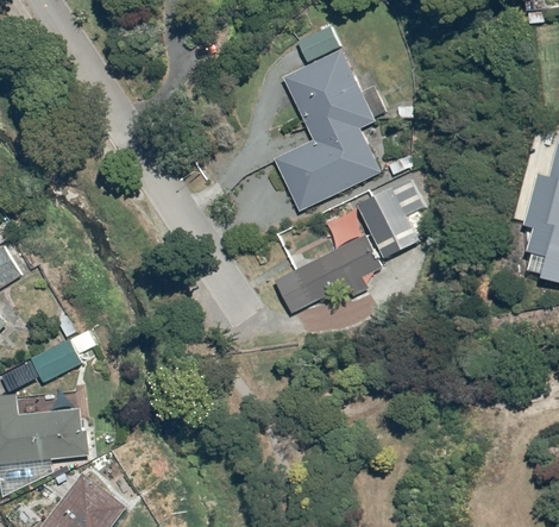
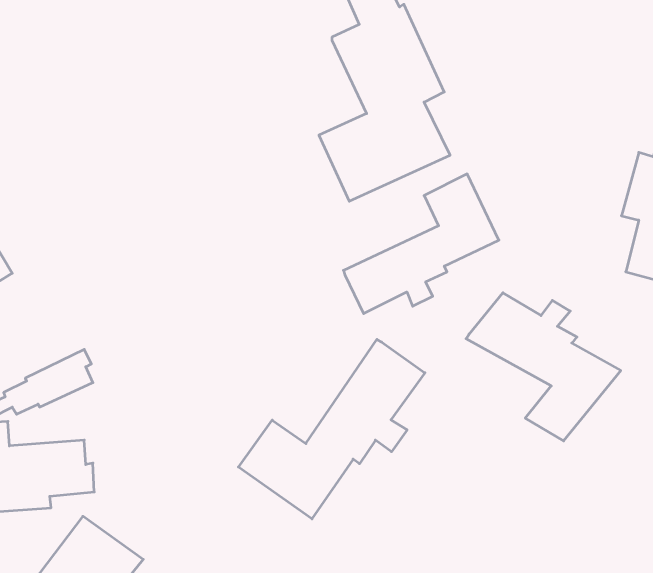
building: none -> [466,293,621,441]
building: none -> [238,339,425,519]

